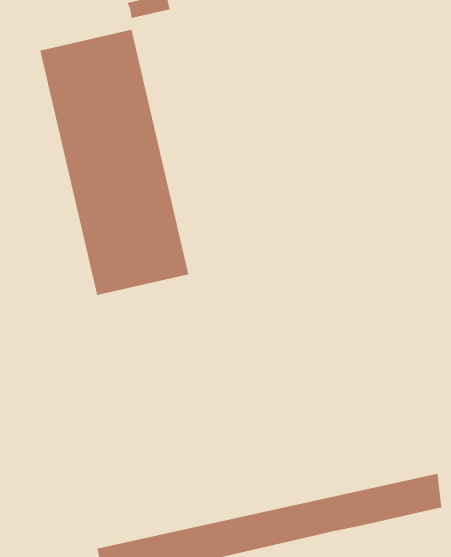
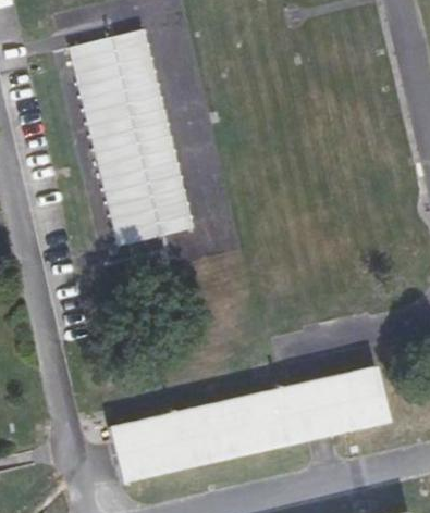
building: none -> [110,365,397,453]

